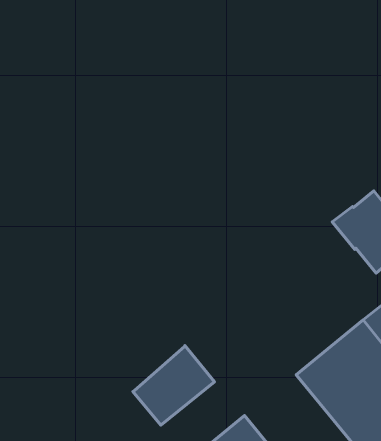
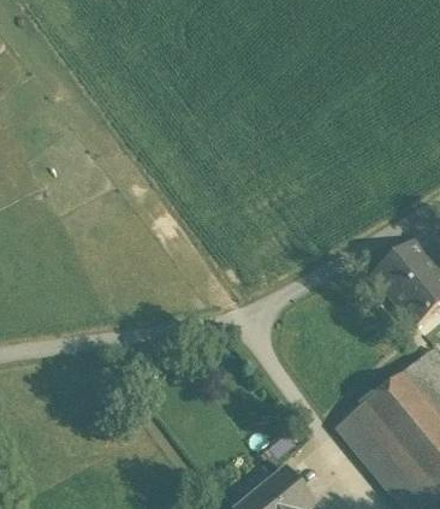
building: [133,345,214,425] -> none

